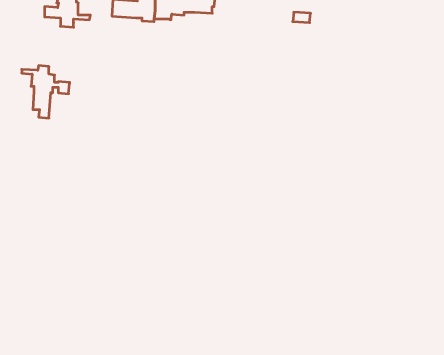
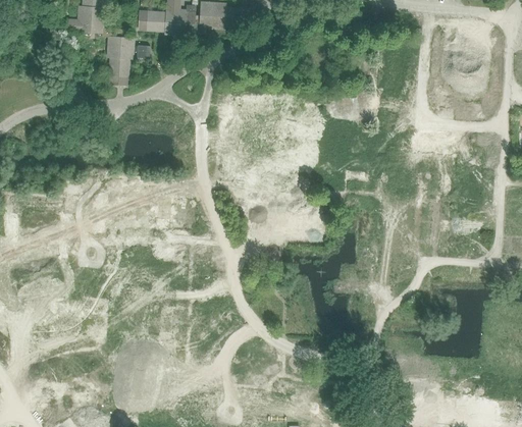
building: [22,66,70,118] -> [96,26,148,84]

